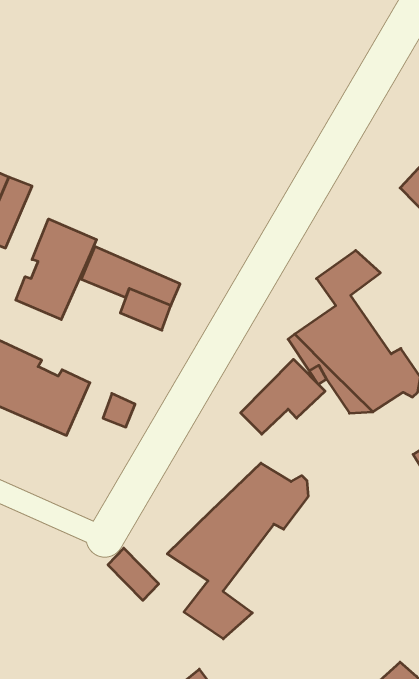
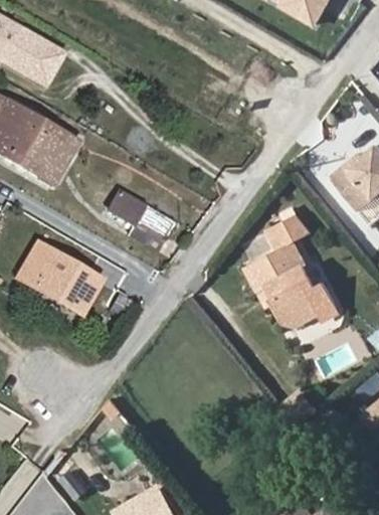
building: [16,219,97,320] -> none
building: [241,359,325,434] -> none
building: [167,463,308,639] -> none

